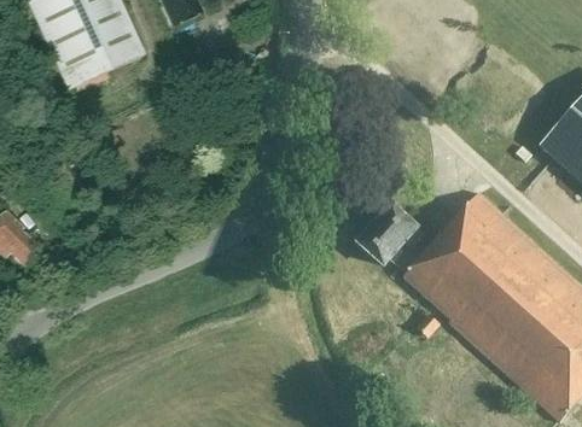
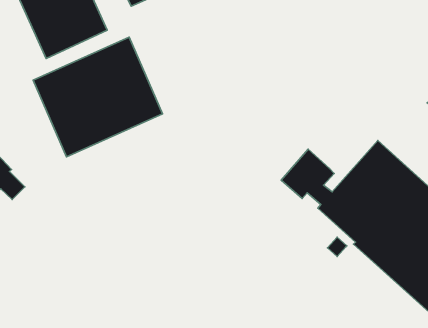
building: none -> [33,37,163,157]

